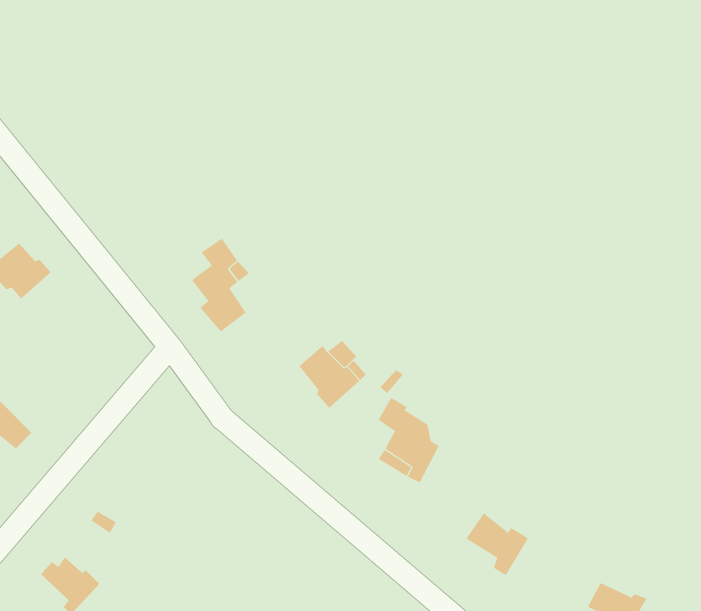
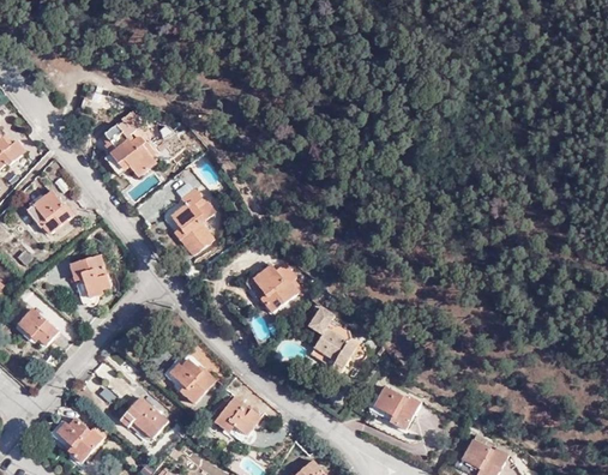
building: none -> [103,119,158,173]
building: none -> [66,249,106,291]
building: none -> [174,363,219,405]
building: none -> [213,395,258,434]
building: none -> [121,396,169,438]

